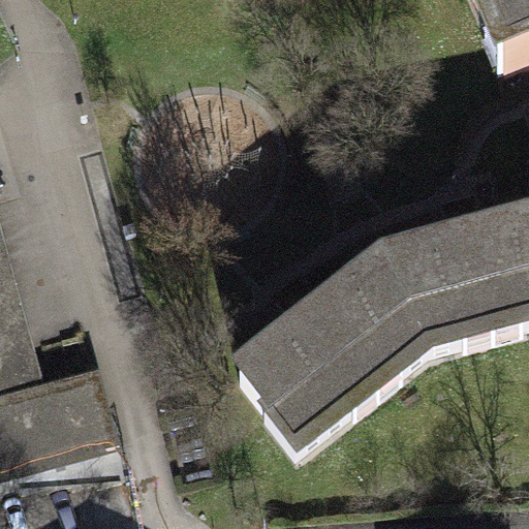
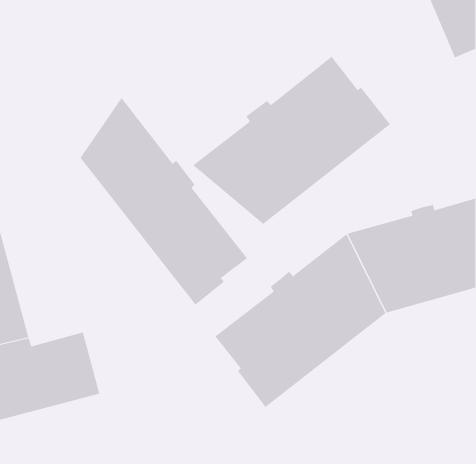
building: none -> [192,56,391,225]
building: none -> [80,97,248,306]

